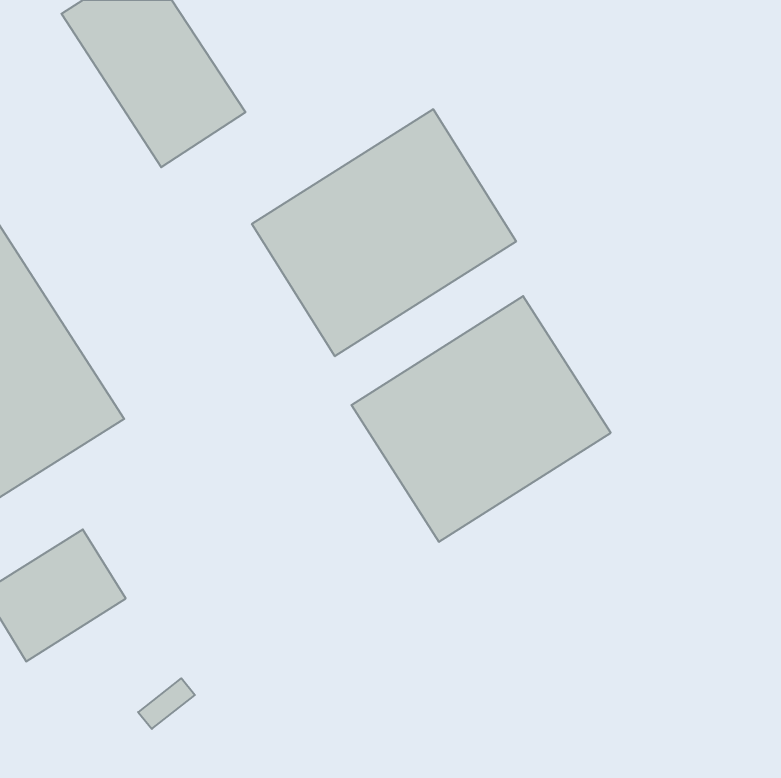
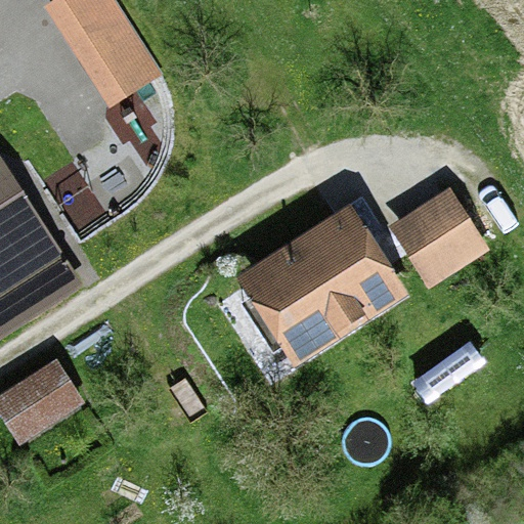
building: [252,109,516,356] -> none
building: none -> [387,185,489,288]

